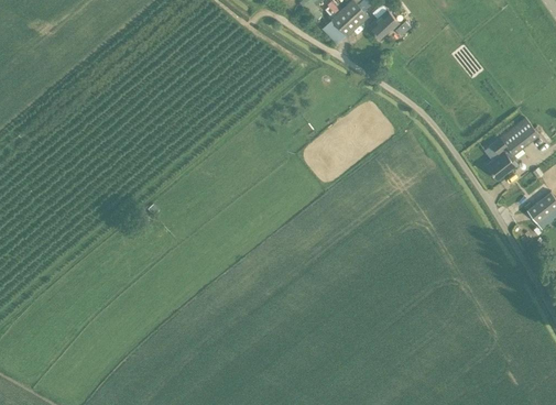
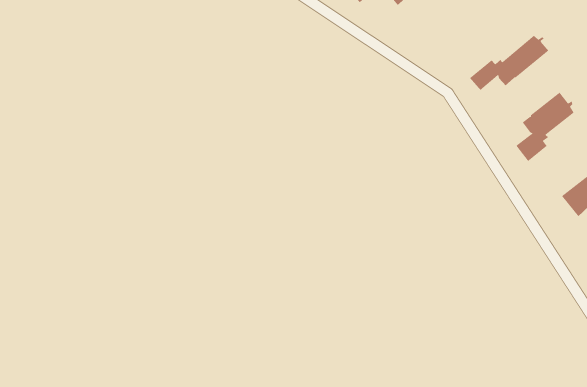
building: none -> [469,35,549,91]

